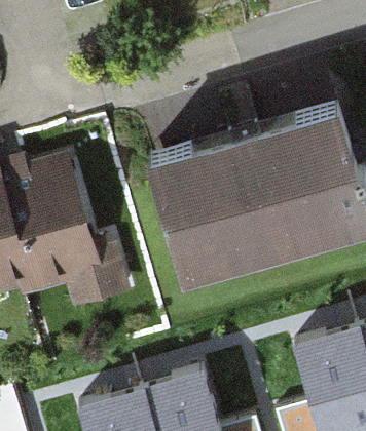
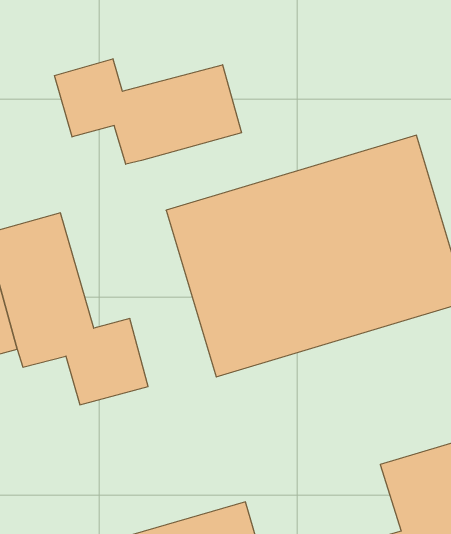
building: none -> [54,59,241,164]

